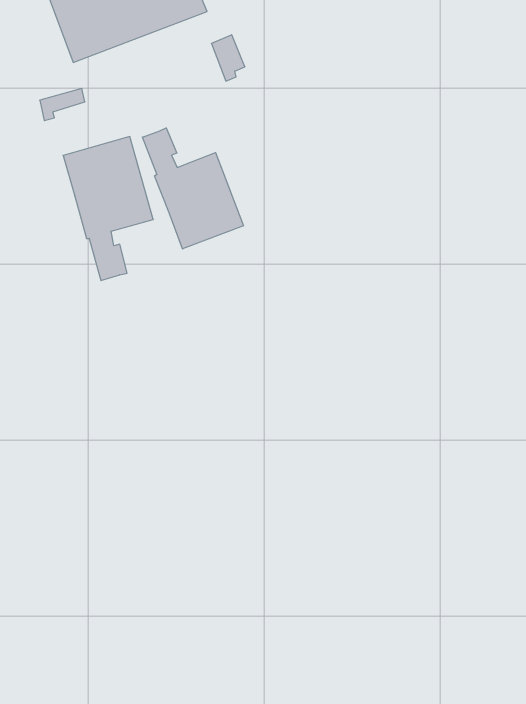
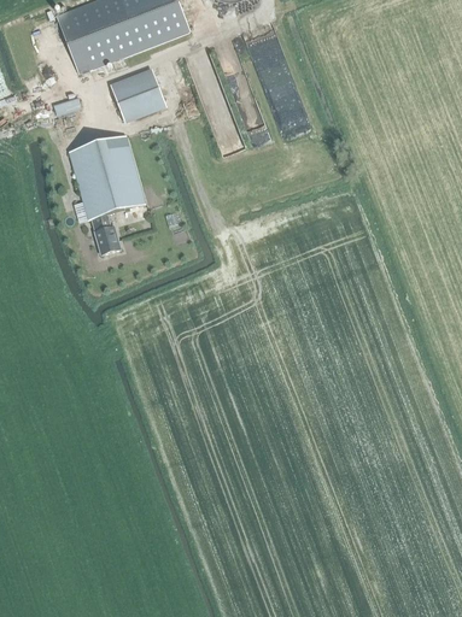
building: none -> [111,67,166,122]
building: [142,128,243,249] -> none

